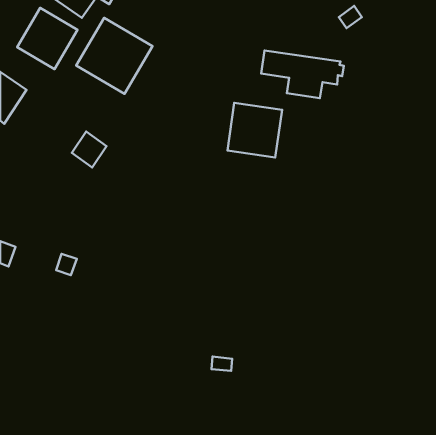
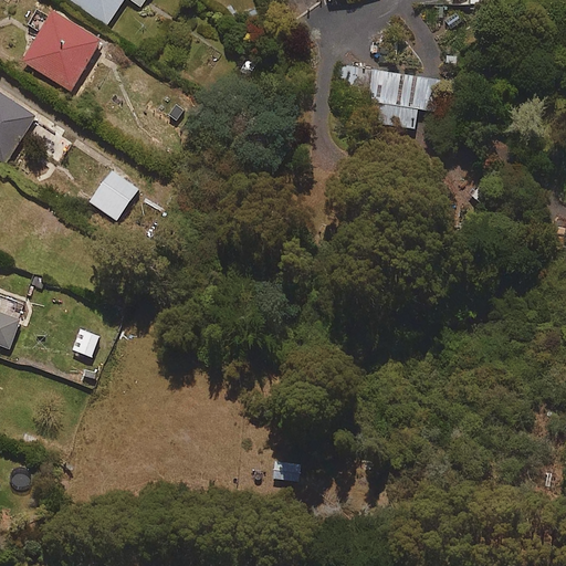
building: [76,18,153,94] -> none
building: [227,103,282,158] -> none

